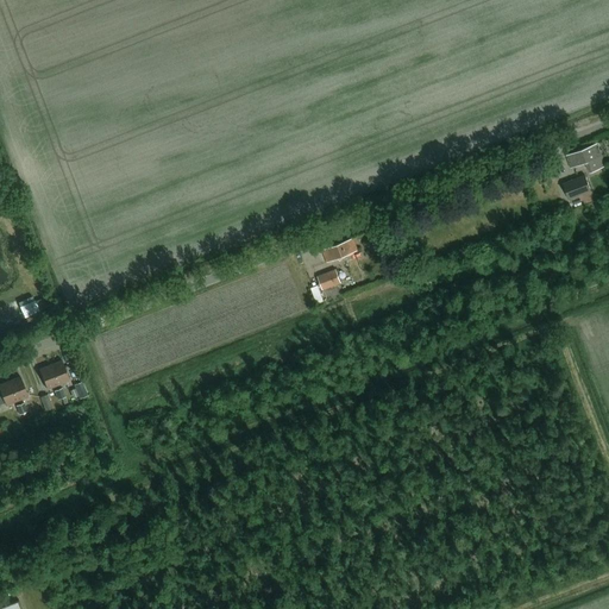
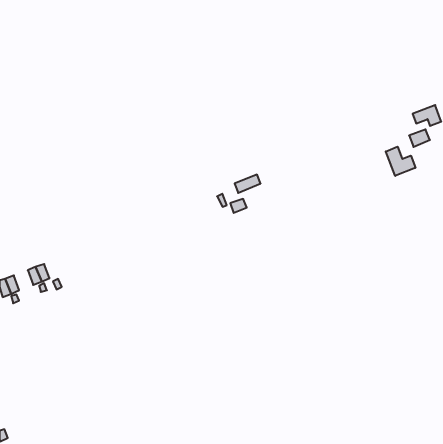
building: none -> [386,147,415,176]

